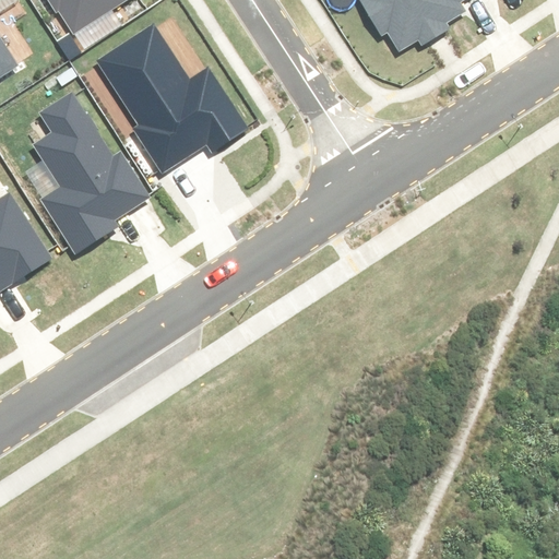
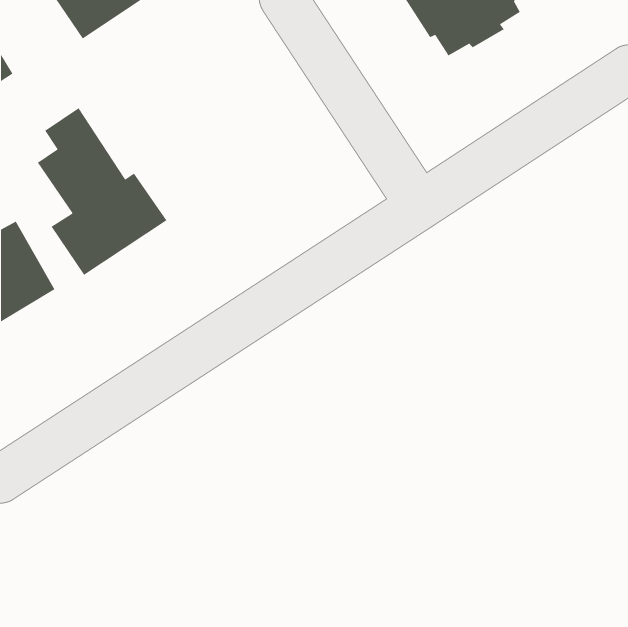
building: [97,27,246,170] -> none

